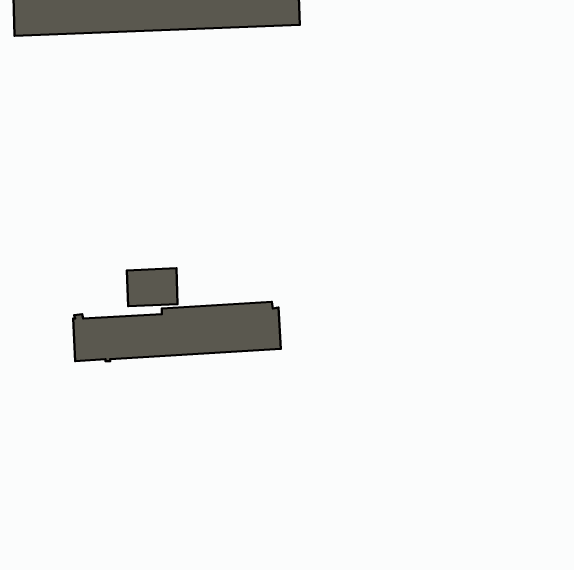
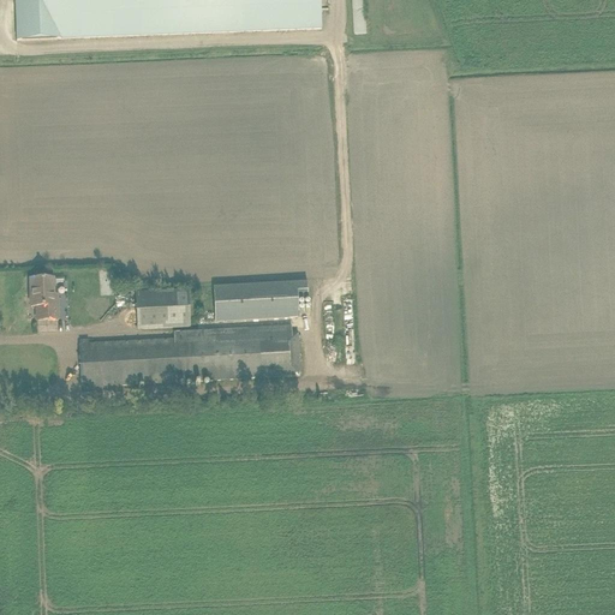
building: none -> [30,276,58,318]
building: none -> [214,279,308,320]

